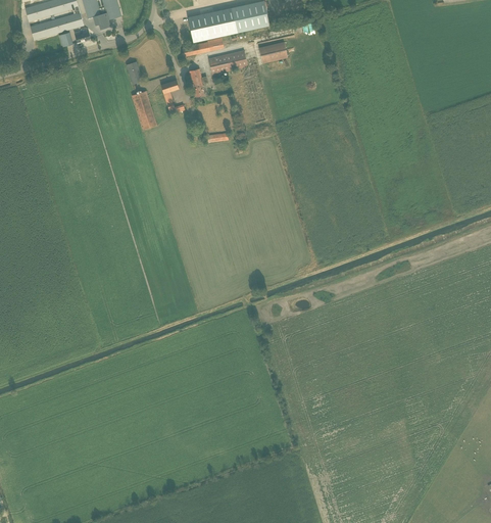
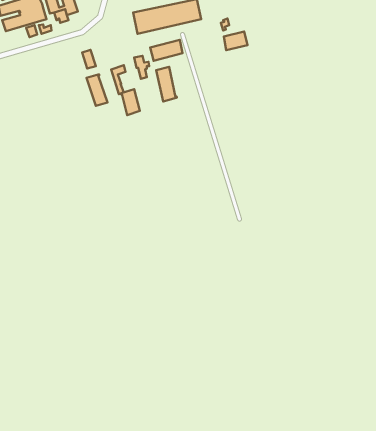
building: [258,40,287,62] -> [224,31,247,50]
building: none -> [156,67,177,101]
building: none -> [121,89,140,115]

